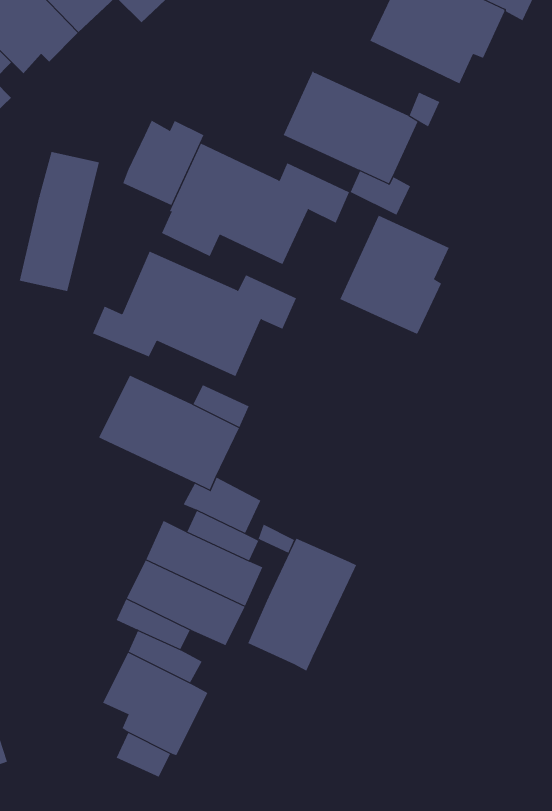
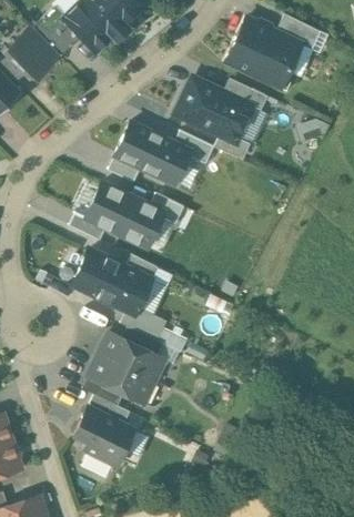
building: [122,120,204,206] -> none
building: [19,151,99,292] -> none
building: [339,215,449,335] -> none
building: [248,538,357,671] -> none

